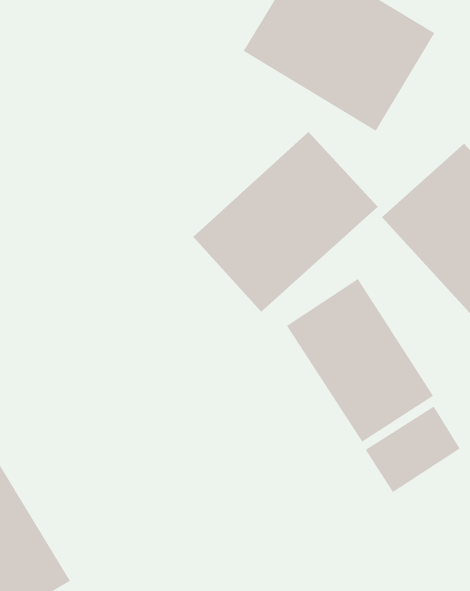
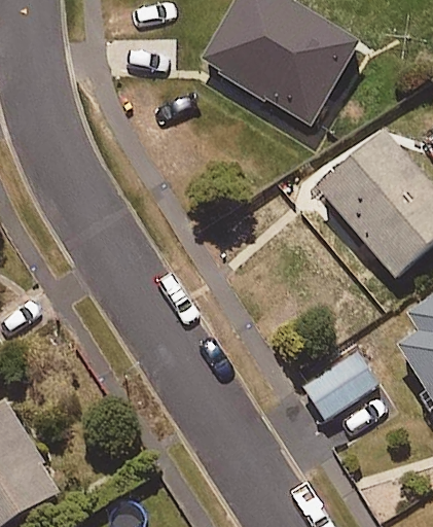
building: [193,131,378,313] -> none
building: [286,278,434,443] -> none

